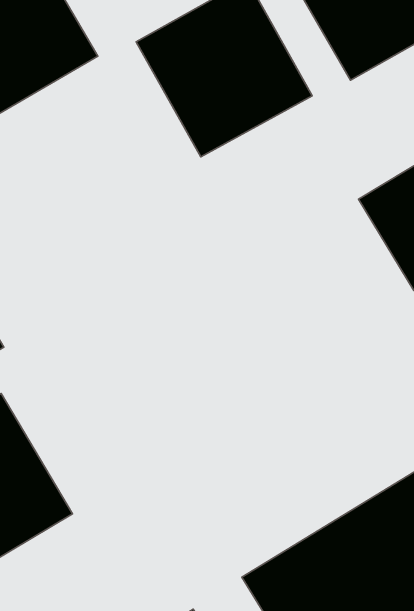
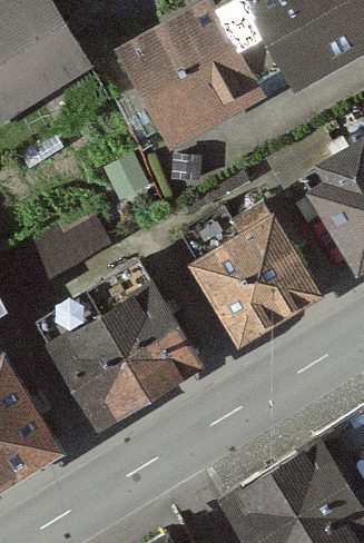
building: none -> [190,216,319,343]
building: none -> [57,287,197,419]

